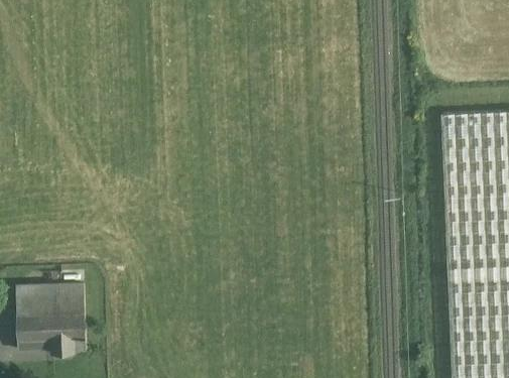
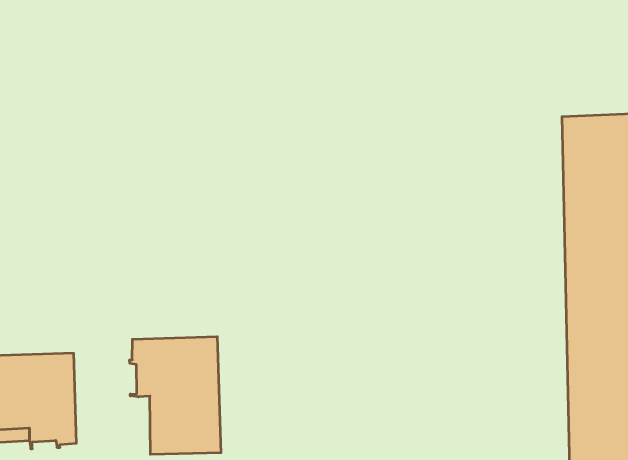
building: none -> [130,337,221,454]

